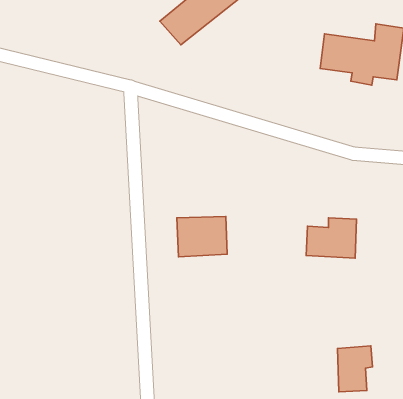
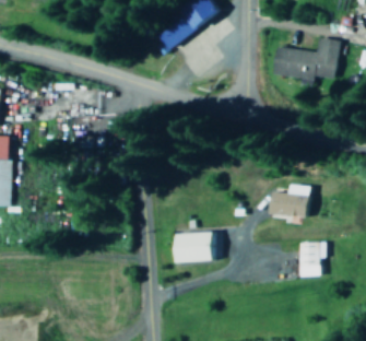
building: [177,216,227,257] -> [177,233,216,264]
building: [337,346,372,392] -> [298,242,326,278]

